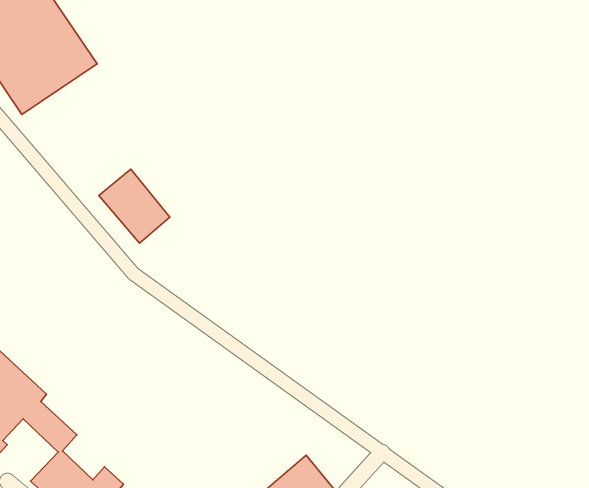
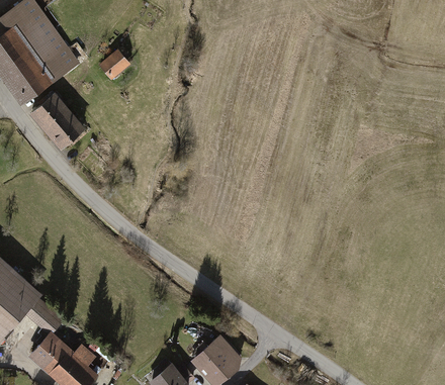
building: none -> [101,54,128,80]
building: [99,169,170,243] -> [32,95,82,147]

